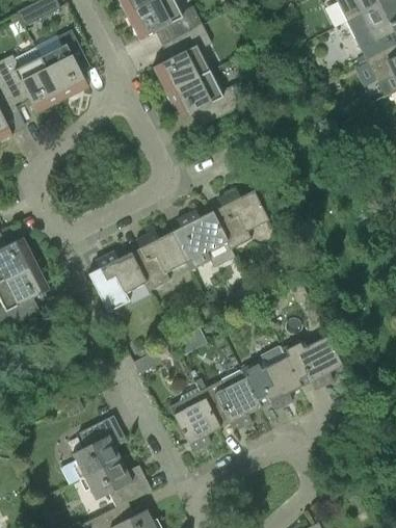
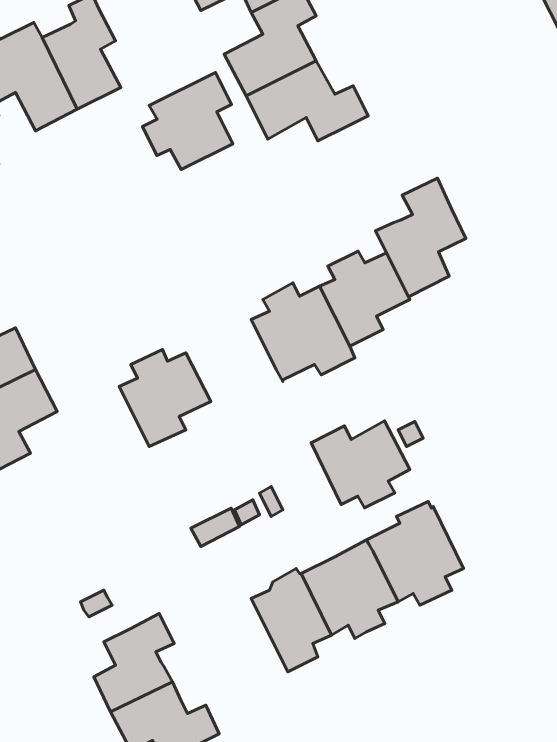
building: none -> [142,73,233,170]
building: none -> [375,178,466,297]
building: [130,230,186,290] -> none
building: [284,335,345,389] -> [311,421,410,508]

